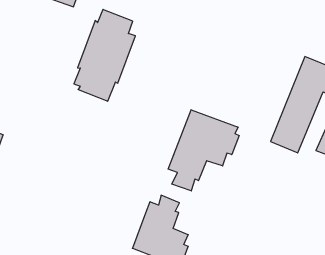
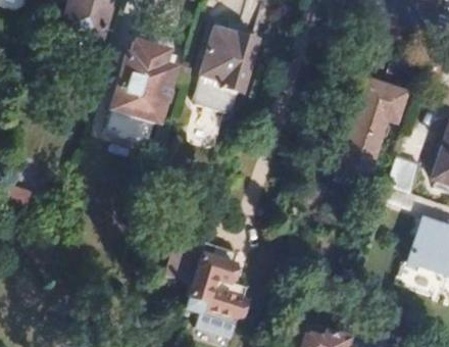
building: none -> [192,29,255,112]
building: [168,110,239,191] -> none

